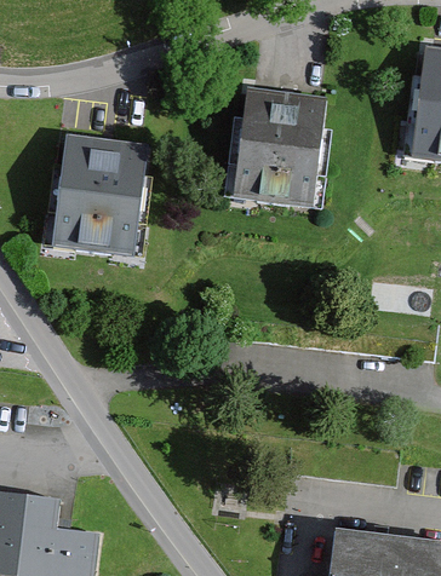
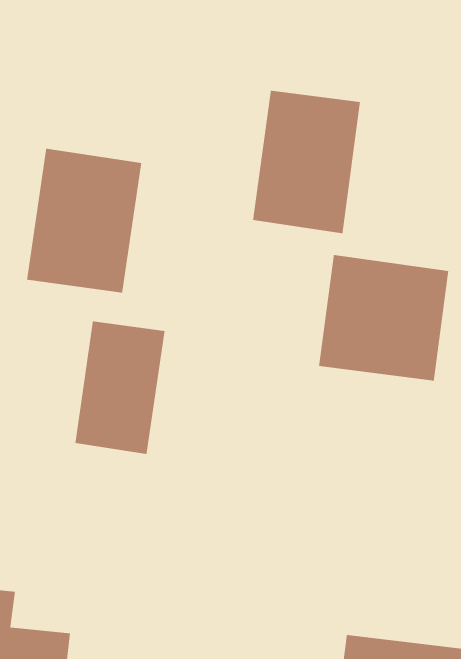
building: none -> [318,254,449,381]
building: none -> [75,320,165,455]

